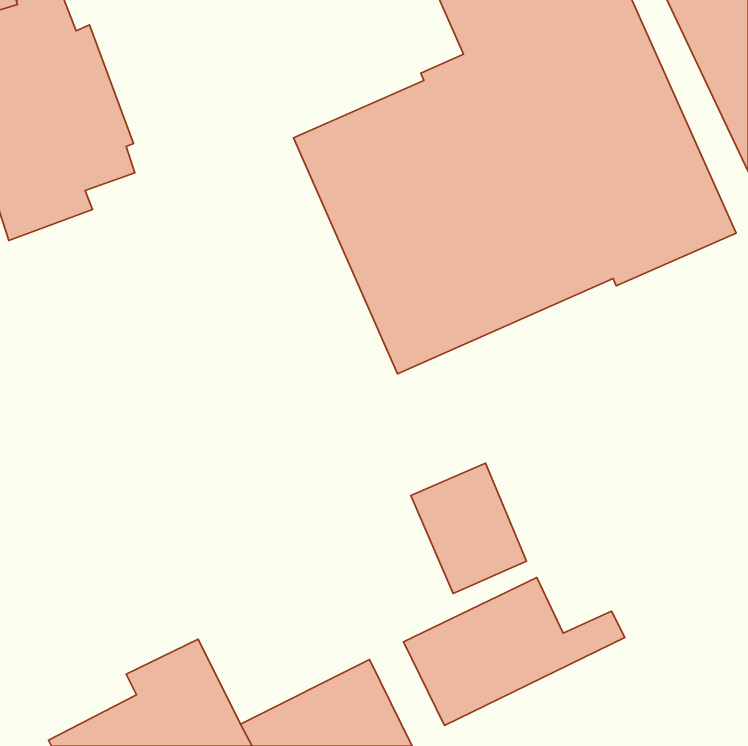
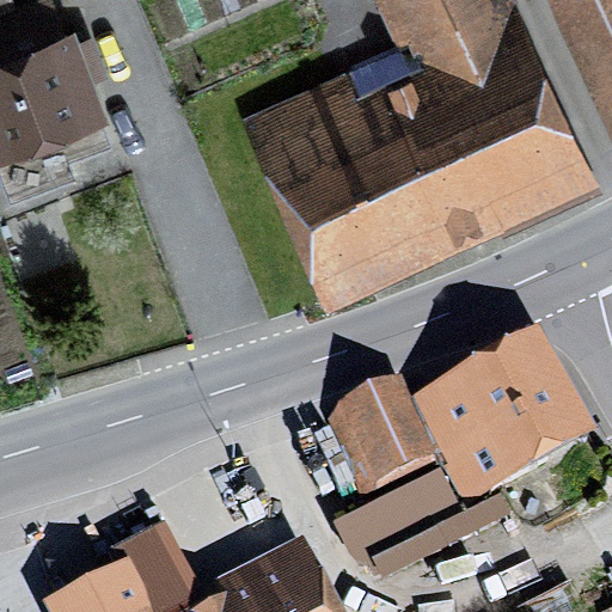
building: none -> [408,328,595,504]

